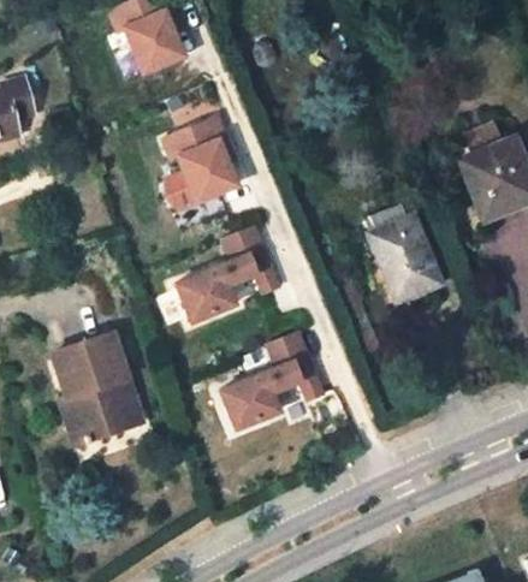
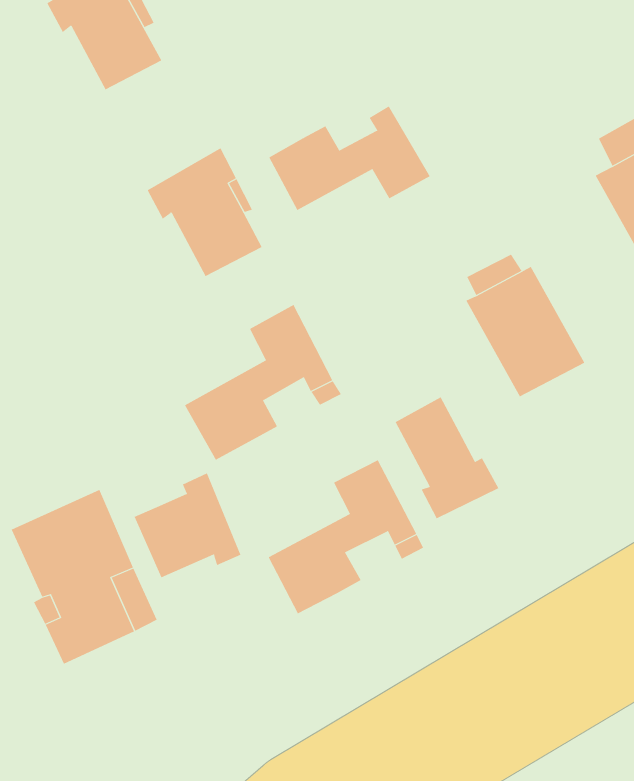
building: none -> [269,106,430,211]
building: none -> [395,396,499,519]
building: none -> [134,473,241,578]

